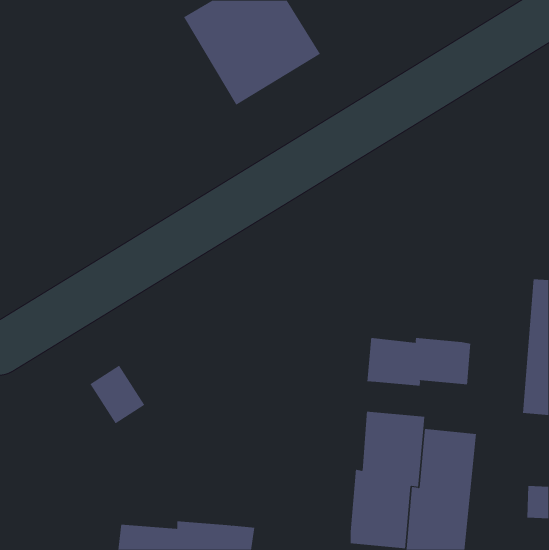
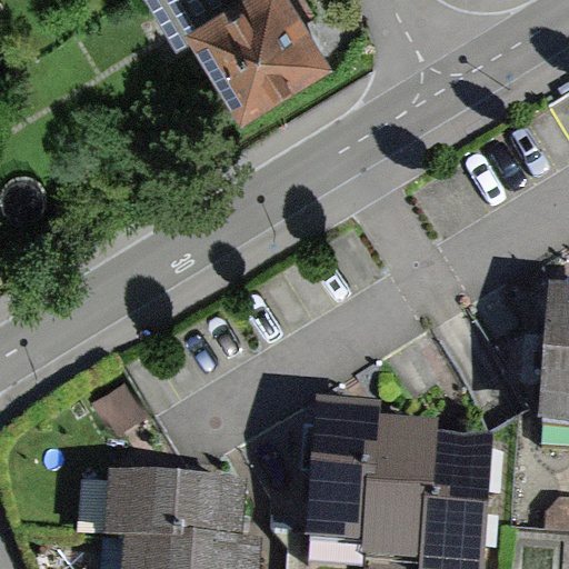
building: [367,337,471,387] -> none
building: none -> [306,405,379,549]
building: none -> [108,480,243,546]

